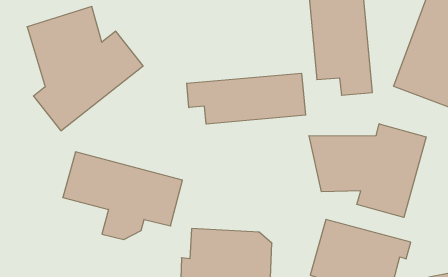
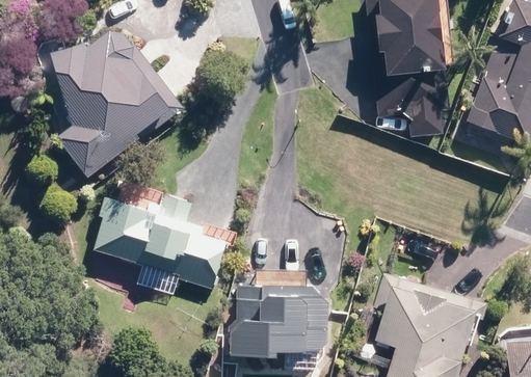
building: [187,73,306,124] -> none
building: [309,124,426,217] -> none

